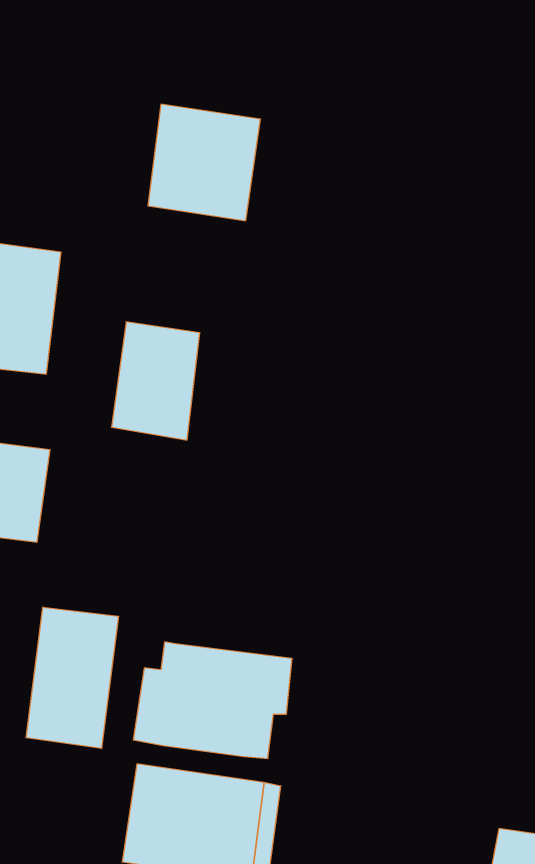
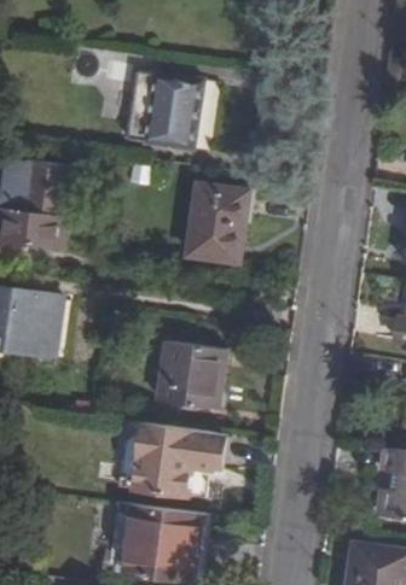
building: [111,322,200,440] -> [192,185,250,262]
building: none -> [162,343,228,409]
building: [26,607,119,749] -> none

